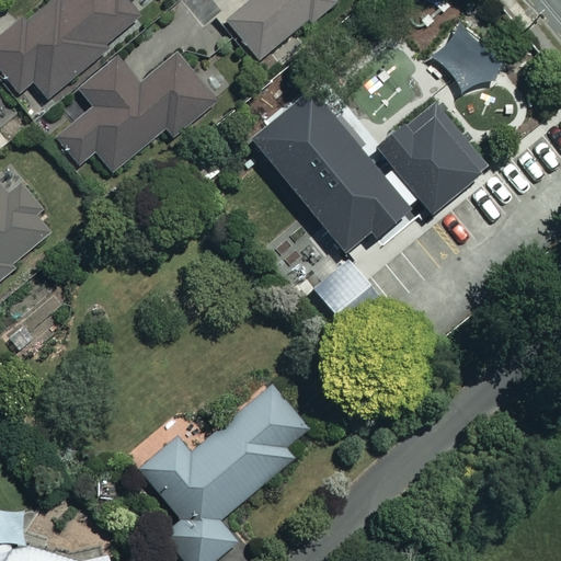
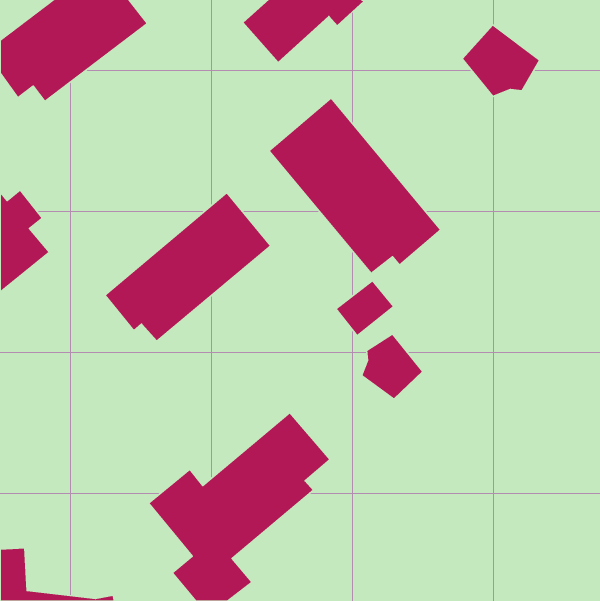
building: [57,53,217,170] -> none
building: [377,103,486,214] -> none
building: none -> [105,192,271,341]
building: none -> [362,334,423,399]

